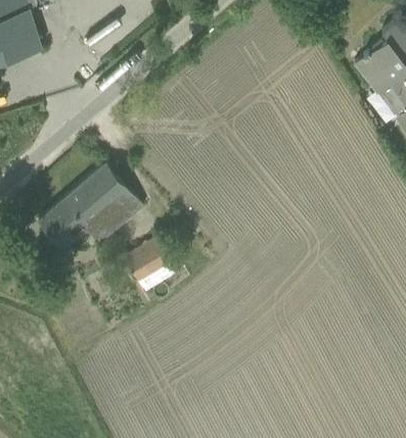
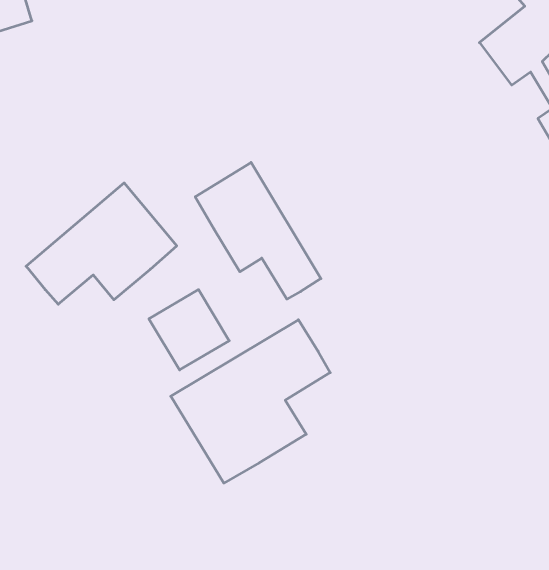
building: none -> [195,162,321,299]
building: none -> [171,320,330,483]

